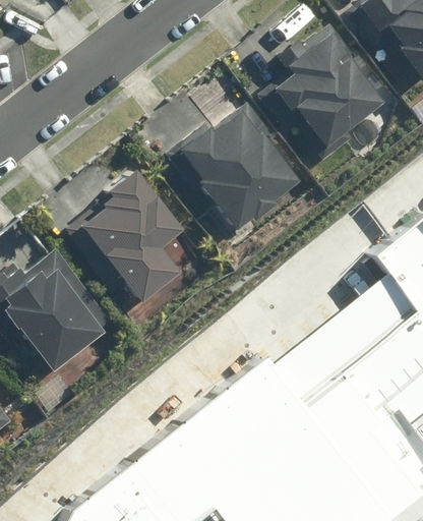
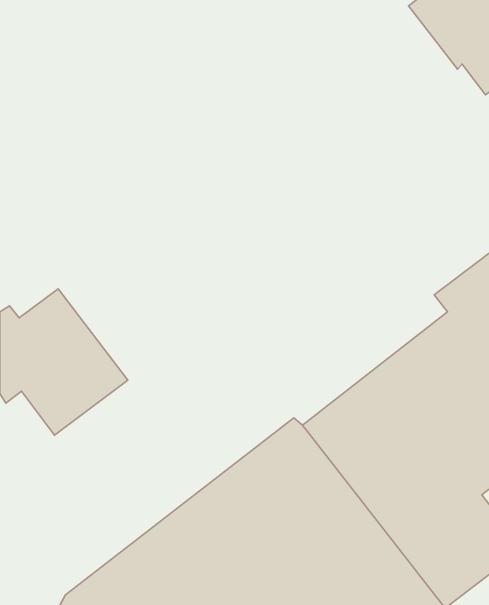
building: [269,31,392,163] -> none
building: [175,103,308,233] -> none
building: [73,169,192,304] -> none

